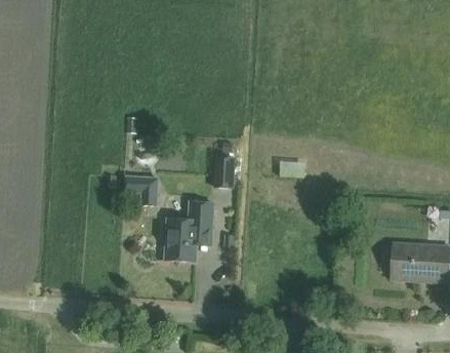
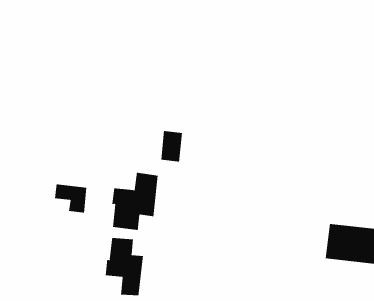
building: [124,175,158,204] -> [54,184,87,213]
building: none -> [105,237,143,296]

